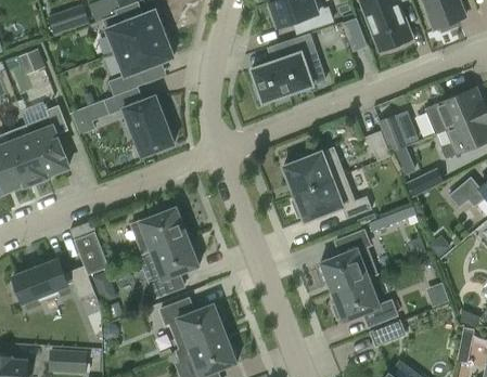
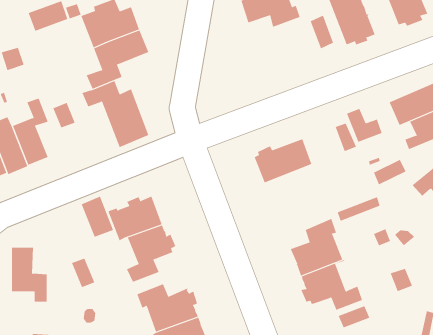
building: [251,32,317,101] -> none
building: [293,173,371,221] -> none
building: [74,231,108,274] -> [81,196,114,237]

